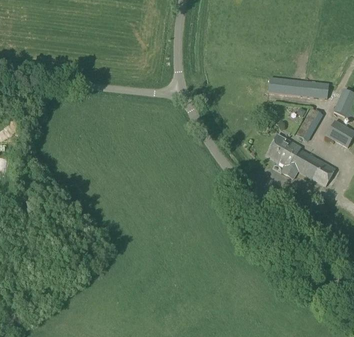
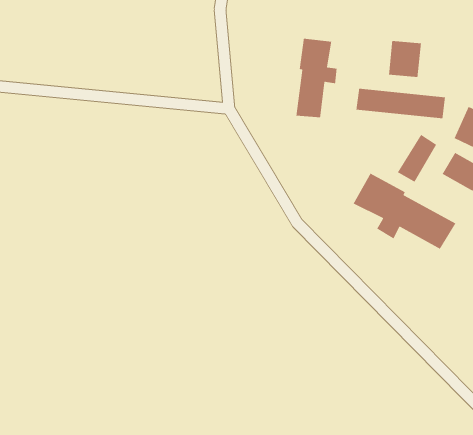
building: none -> [295,38,337,118]
building: none -> [388,40,422,78]

